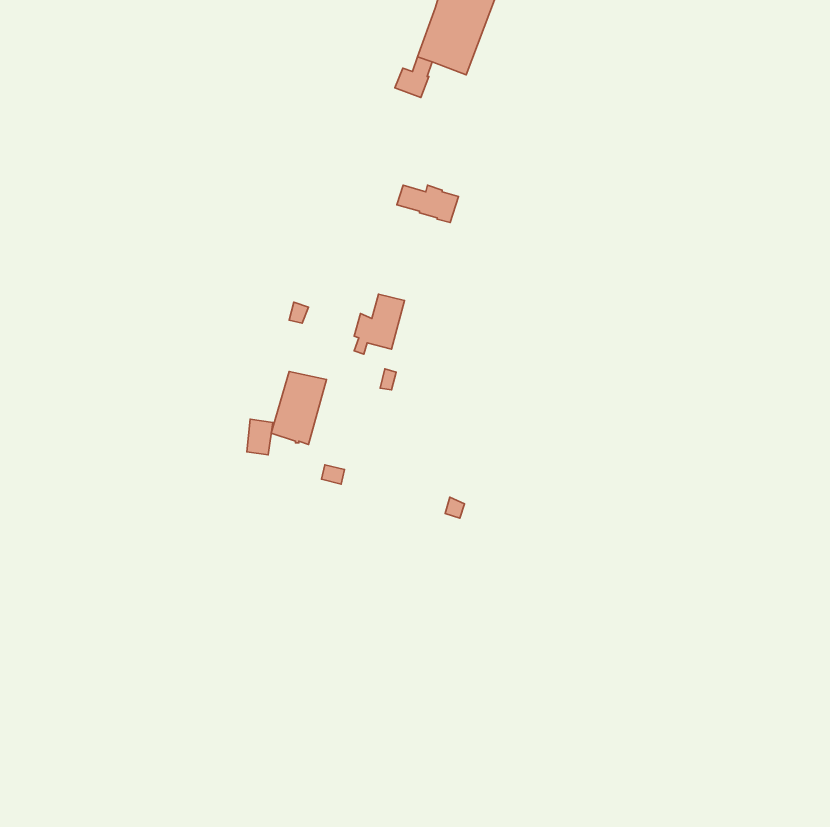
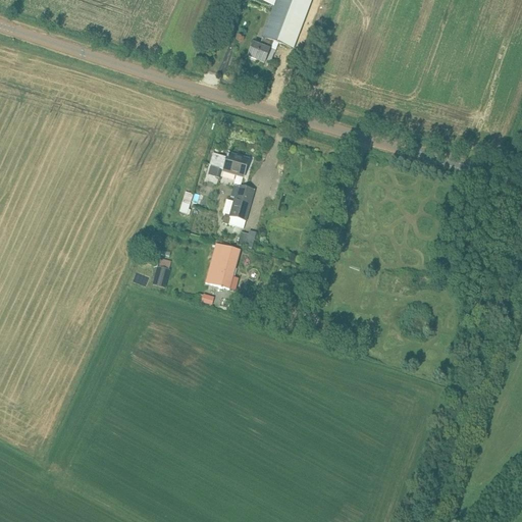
building: [397,185,458,223] -> [209,152,248,175]
building: [271,371,326,445] -> [205,243,240,289]

